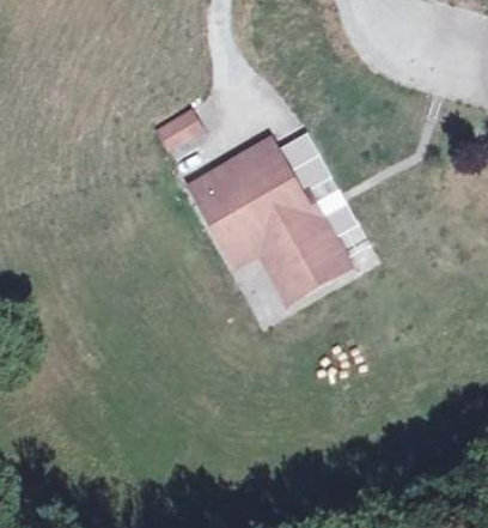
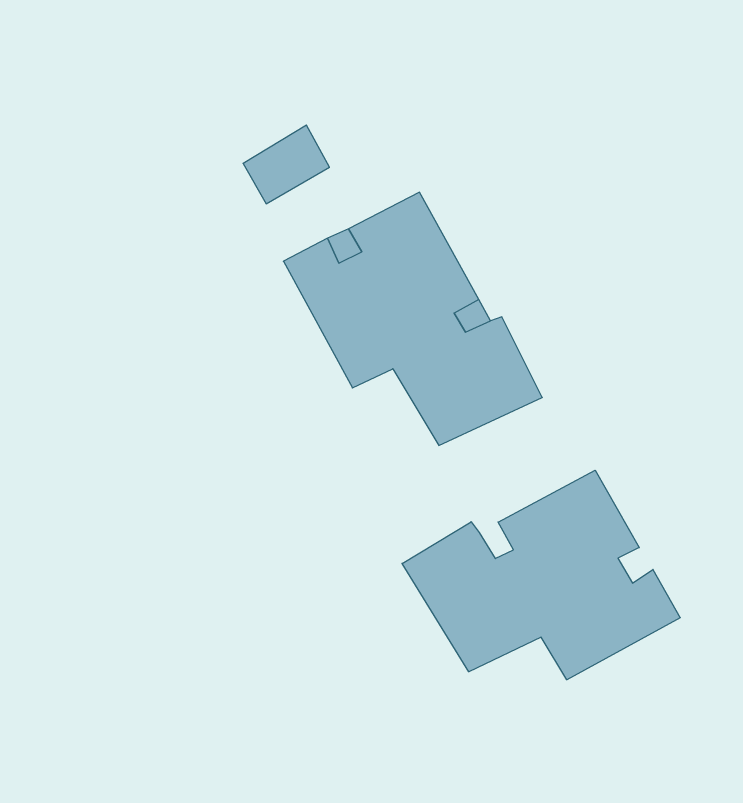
building: none -> [402,470,680,680]

